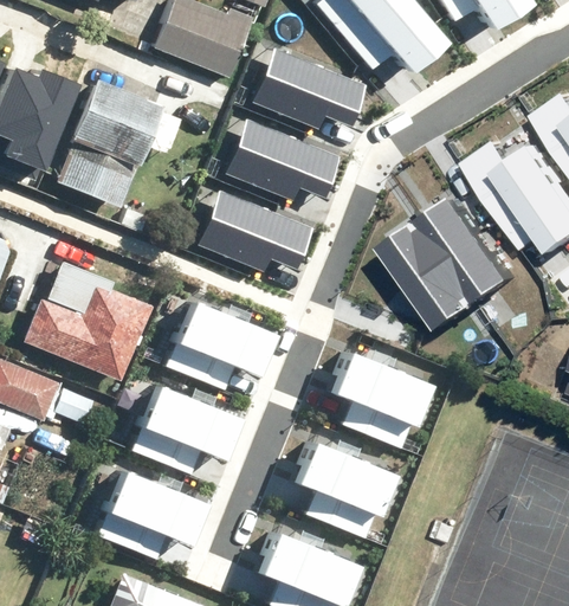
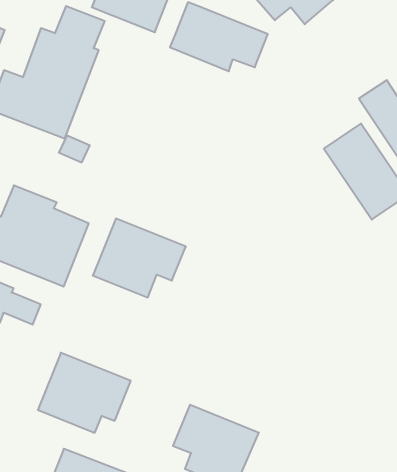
building: [224,116,338,198] -> none
building: [195,189,309,270] -> none
building: [394,219,490,329] -> none
building: [326,355,425,449] -> none
building: [127,381,240,475] -> none
building: [293,439,392,540] -> none

